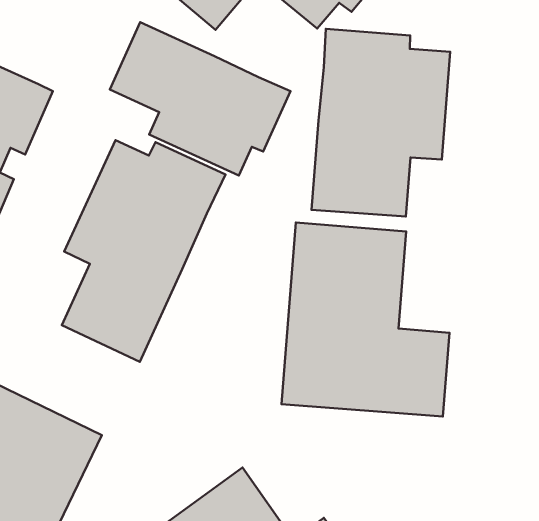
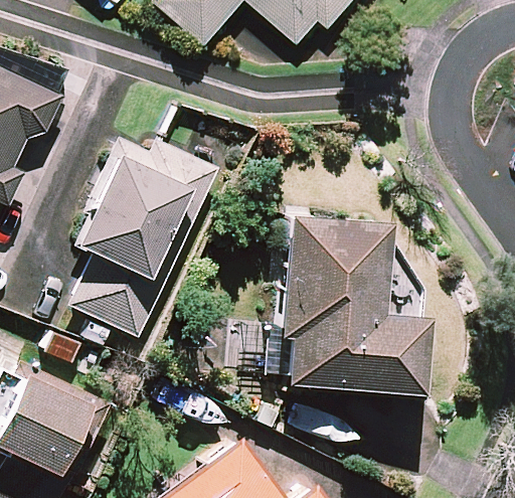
building: [110,22,291,176] -> none
building: [311,29,450,217] -> none

